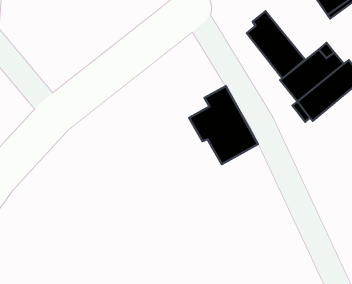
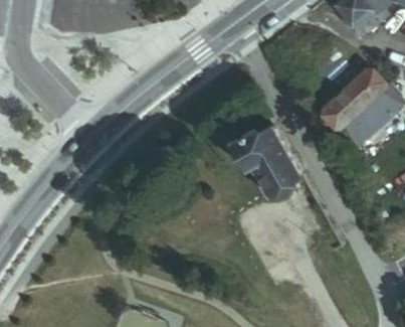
building: [247,11,305,78] -> none

